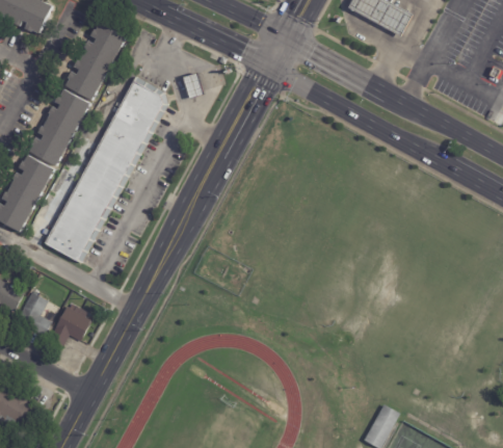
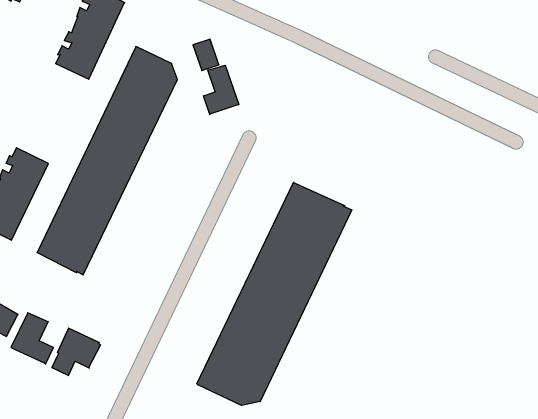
building: [30,88,89,165] -> none
building: none -> [203,65,239,115]
building: none -> [197,182,352,405]

